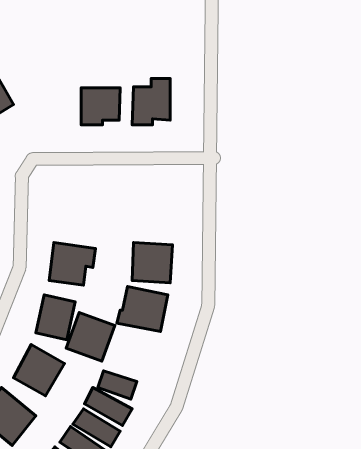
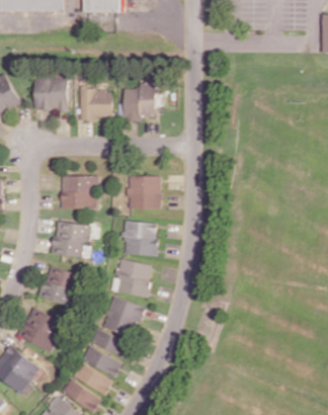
building: none -> [33,77,69,111]
building: none -> [127,175,161,210]
building: none -> [60,176,97,210]
building: [66,312,115,361] -> [102,297,144,338]

